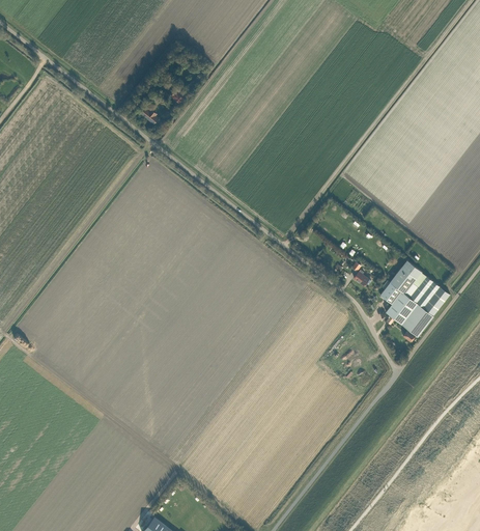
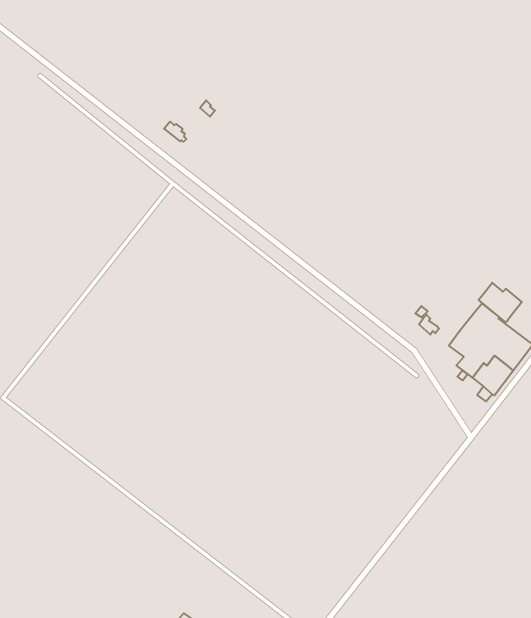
building: none -> [479,283,522,322]

